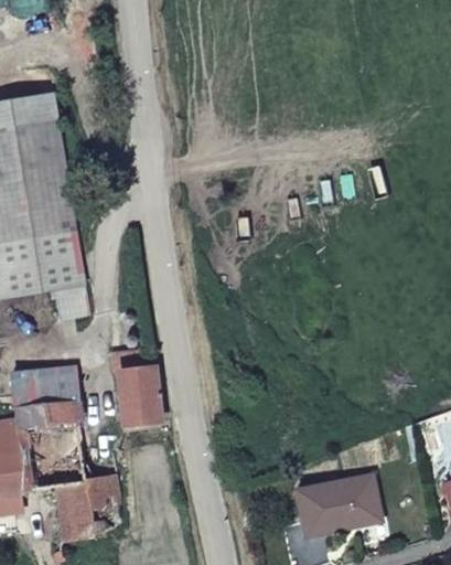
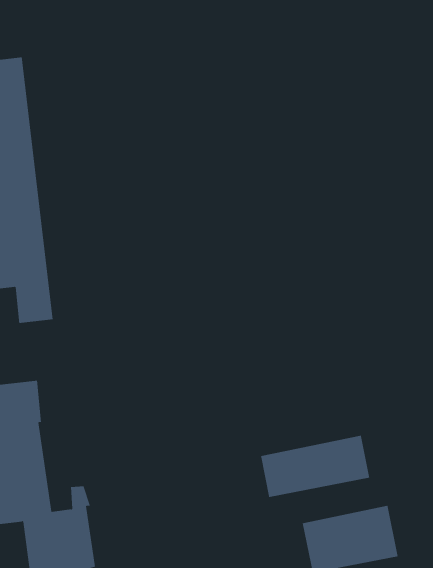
building: [111,351,159,424] -> none
building: none -> [261,435,370,498]

